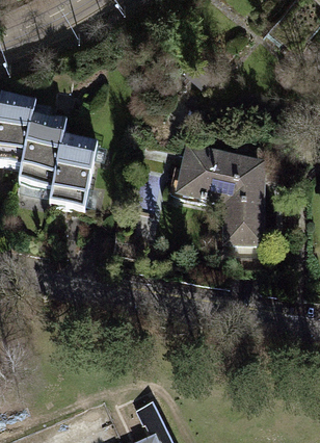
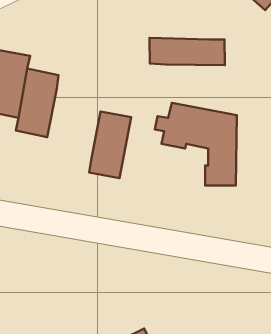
building: none -> [150,38,225,65]
building: [52,137,98,210] -> [89,112,131,178]

